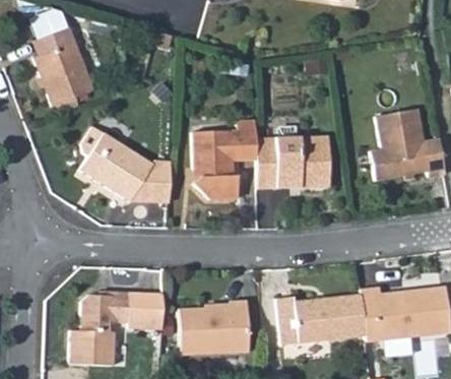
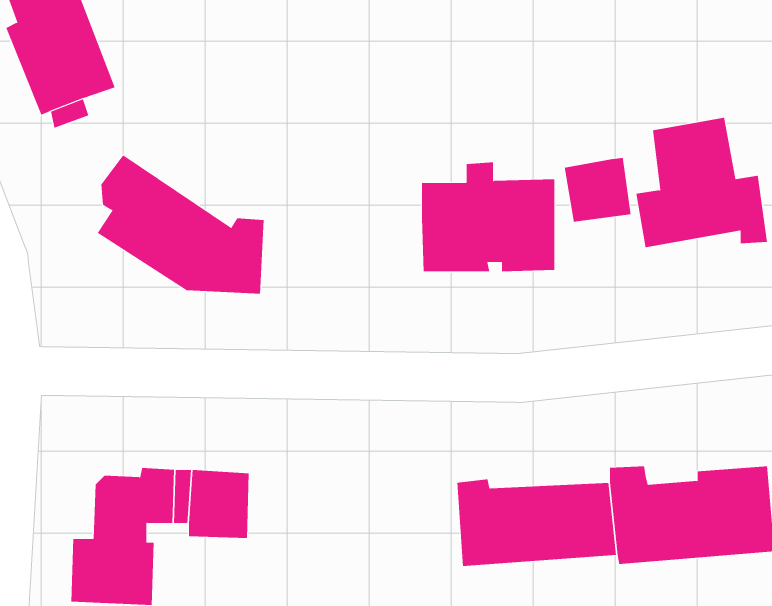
building: [191,118,257,195] -> none
building: none -> [564,157,631,223]
building: [179,303,248,355] -> none

